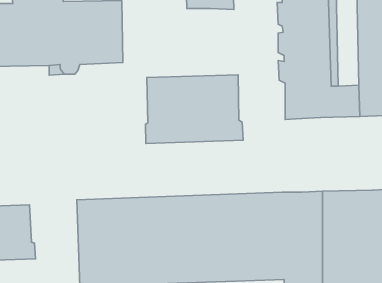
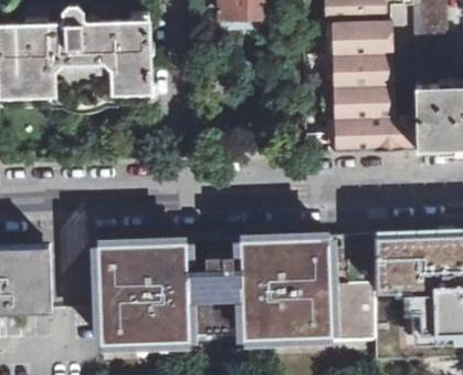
building: [145,75,243,143] -> none

